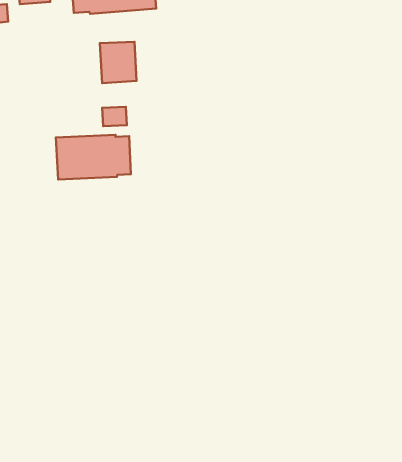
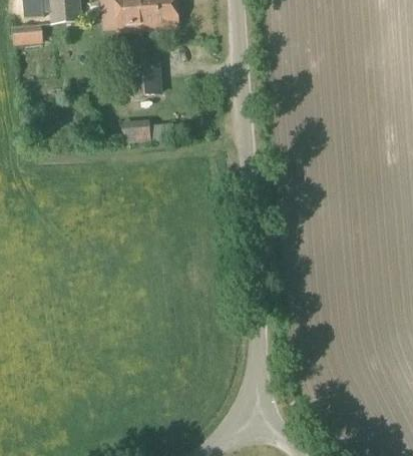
building: [56,135,131,180] -> none

